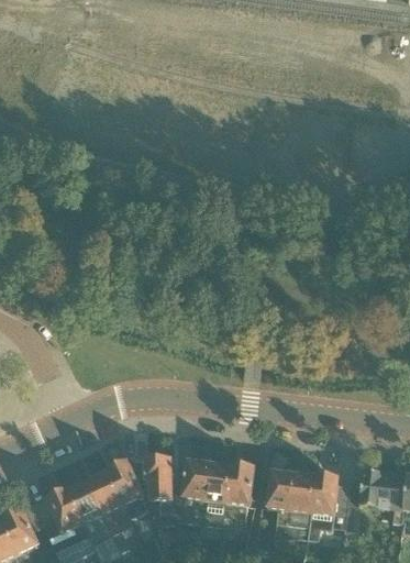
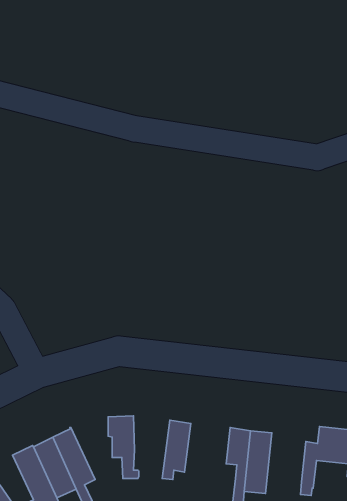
building: [106,459,141,516] -> none
building: [170,459,208,521] -> none
building: [221,462,253,534] -> none
building: [307,473,348,538] -> none

